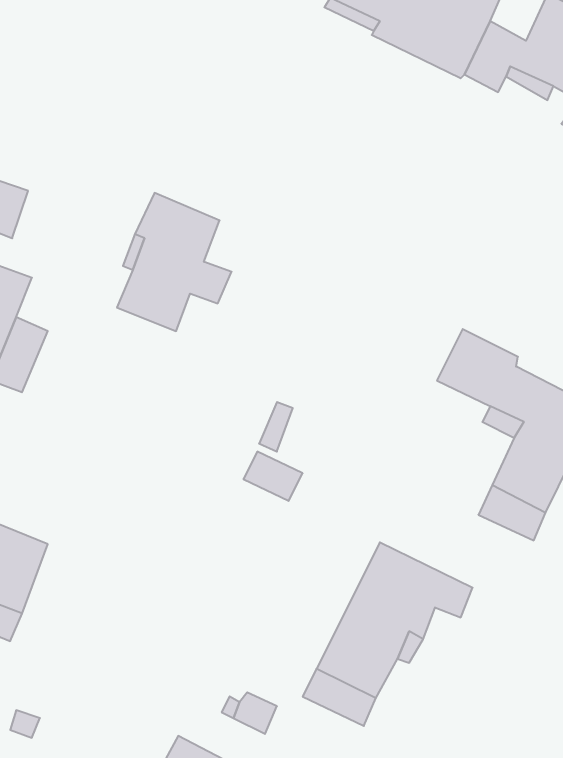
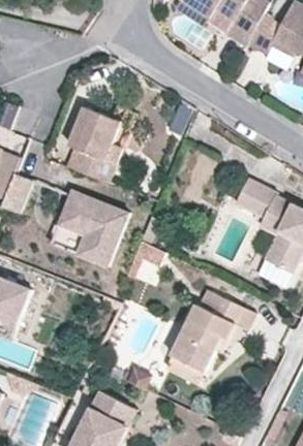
building: none -> [58,189,127,265]

